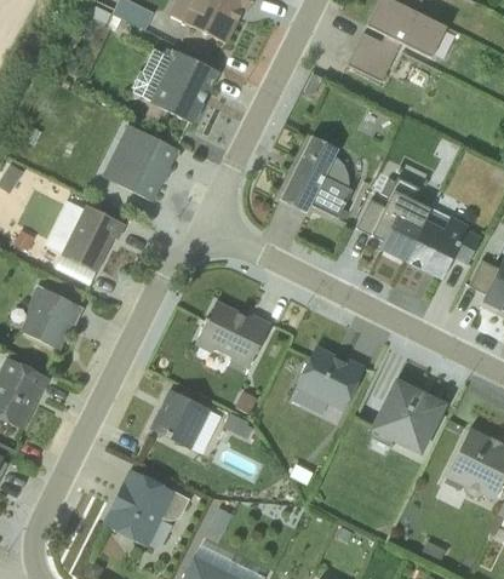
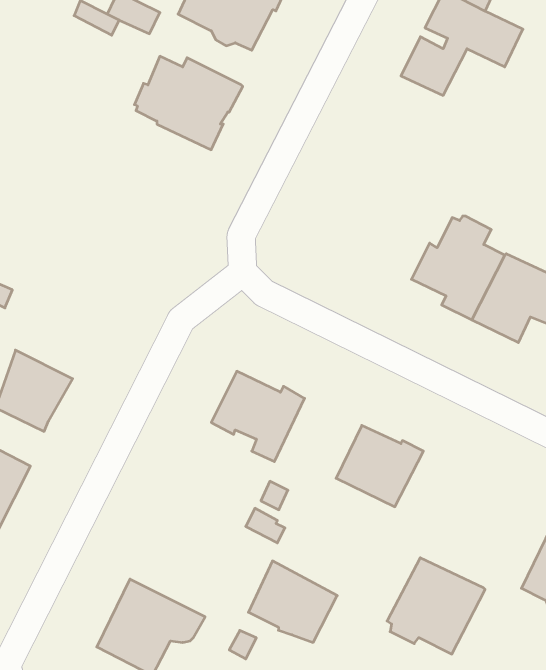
building: [102,124,179,202] -> none
building: [280,136,353,218] -> none
building: [53,200,127,286] -> none
building: [370,378,448,455] -> [387,558,485,654]
building: [150,388,222,453] -> [248,561,337,642]

